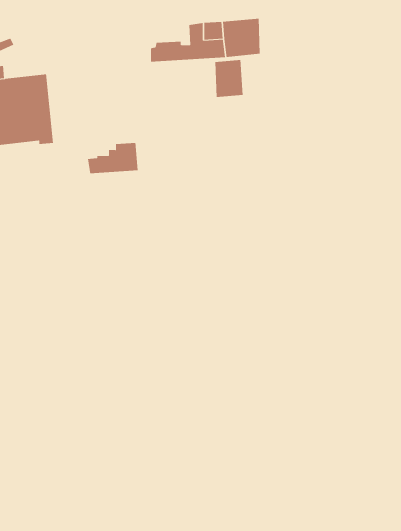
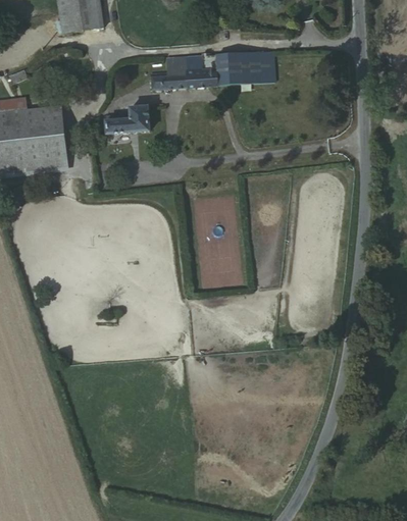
building: [215,59,244,98] -> [248,50,273,84]
building: [87,143,138,174] -> [105,107,150,135]

